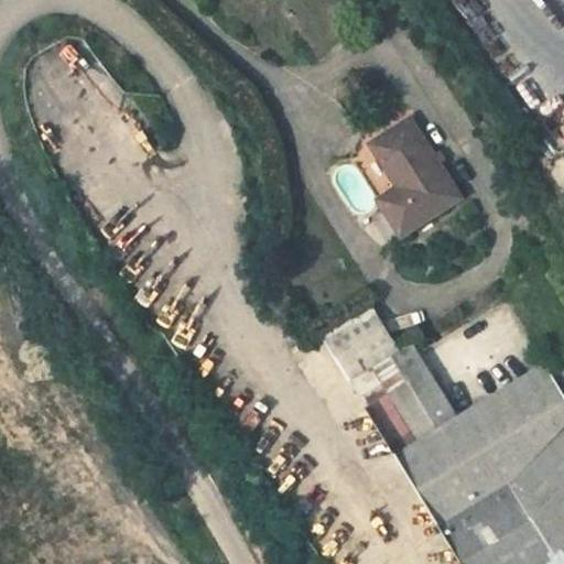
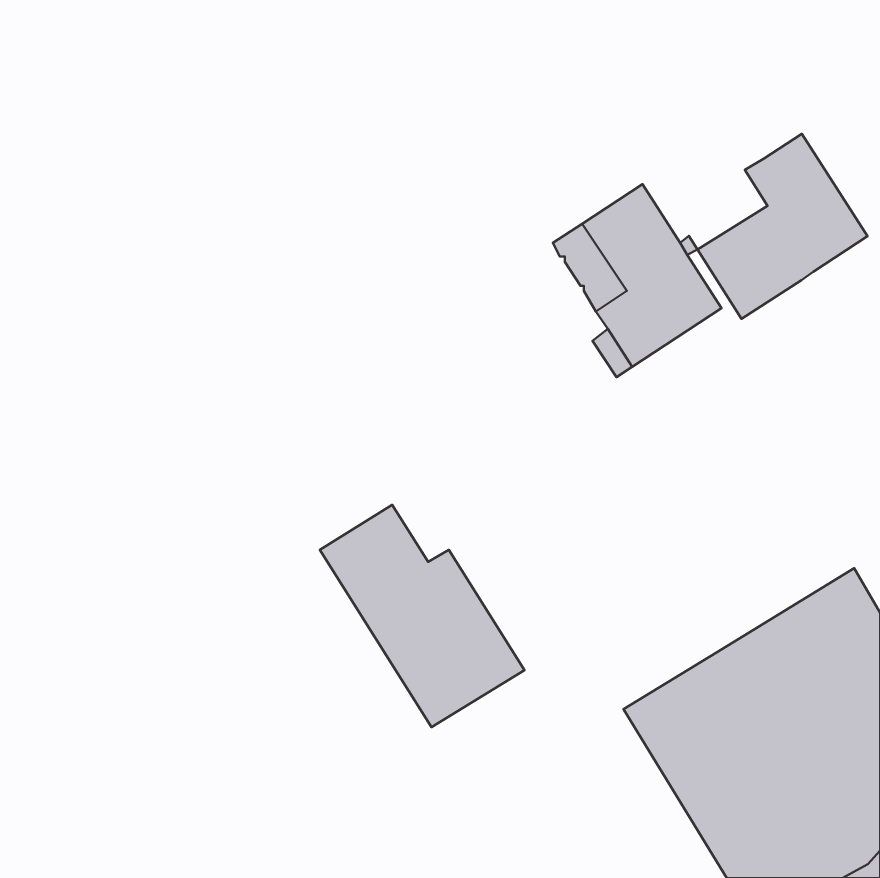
building: none -> [697,134,868,319]
building: [327,312,458,454] -> [320,505,525,727]

